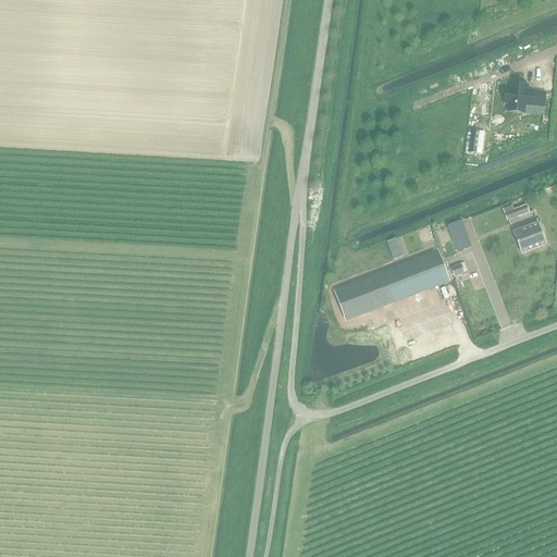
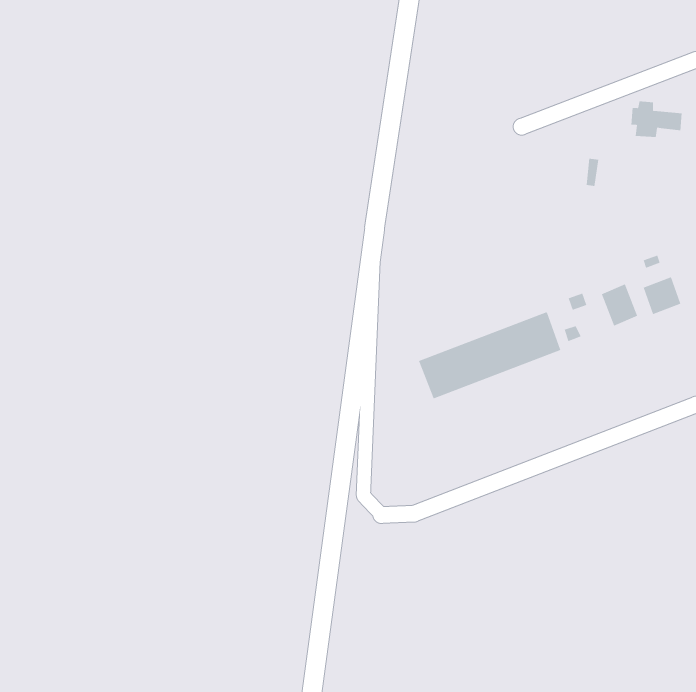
building: none -> [601,284,638,326]

